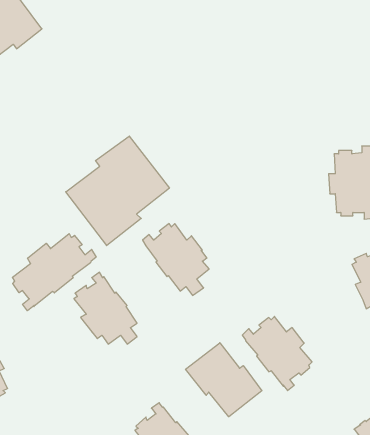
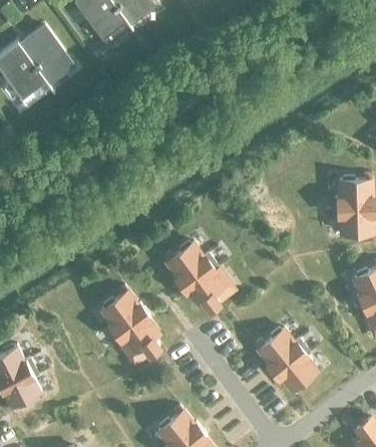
building: [66,136,169,246] -> none
building: [12,234,96,311] -> none
building: [186,343,262,417] -> none

